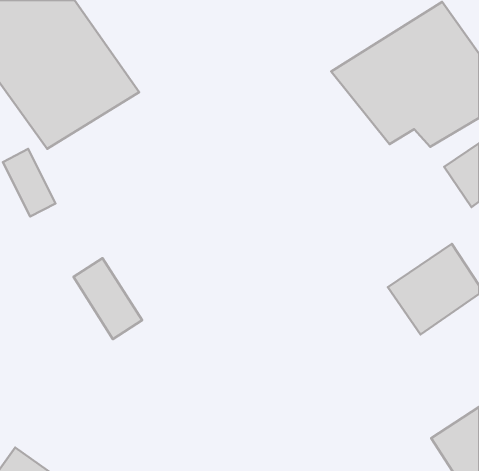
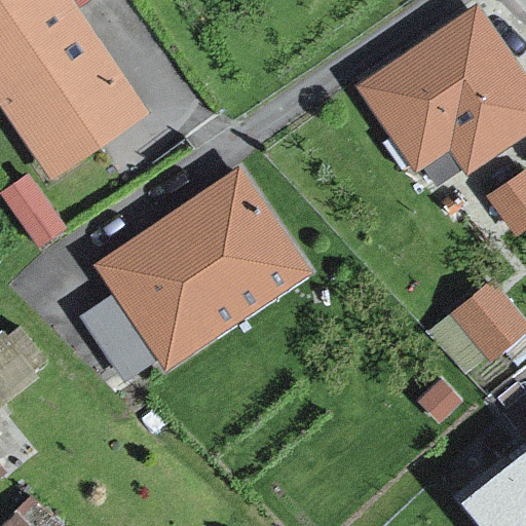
building: none -> [98,176,311,365]

